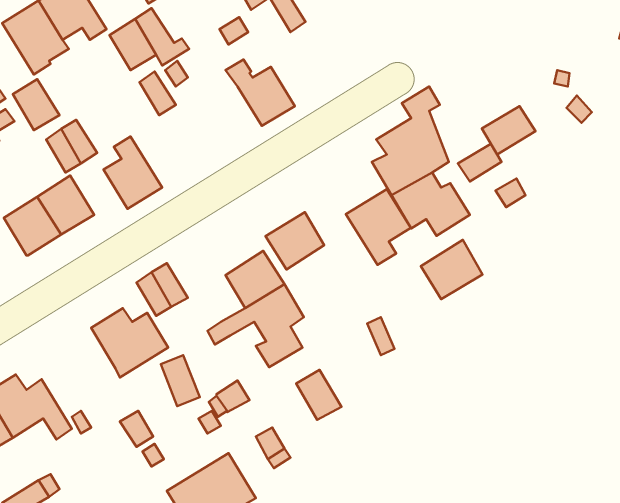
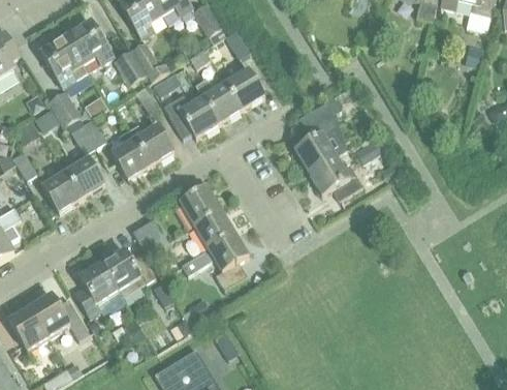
building: none -> [225,69,263,110]
building: none -> [163,94,219,139]
building: [482,106,536,154] -> none
building: none -> [129,125,173,166]
building: [346,189,411,265] -> none
building: [266,212,324,269] -> [180,186,220,226]
building: [421,240,482,299] -> none
building: none -> [74,262,126,316]
building: [296,370,342,420] -> none

